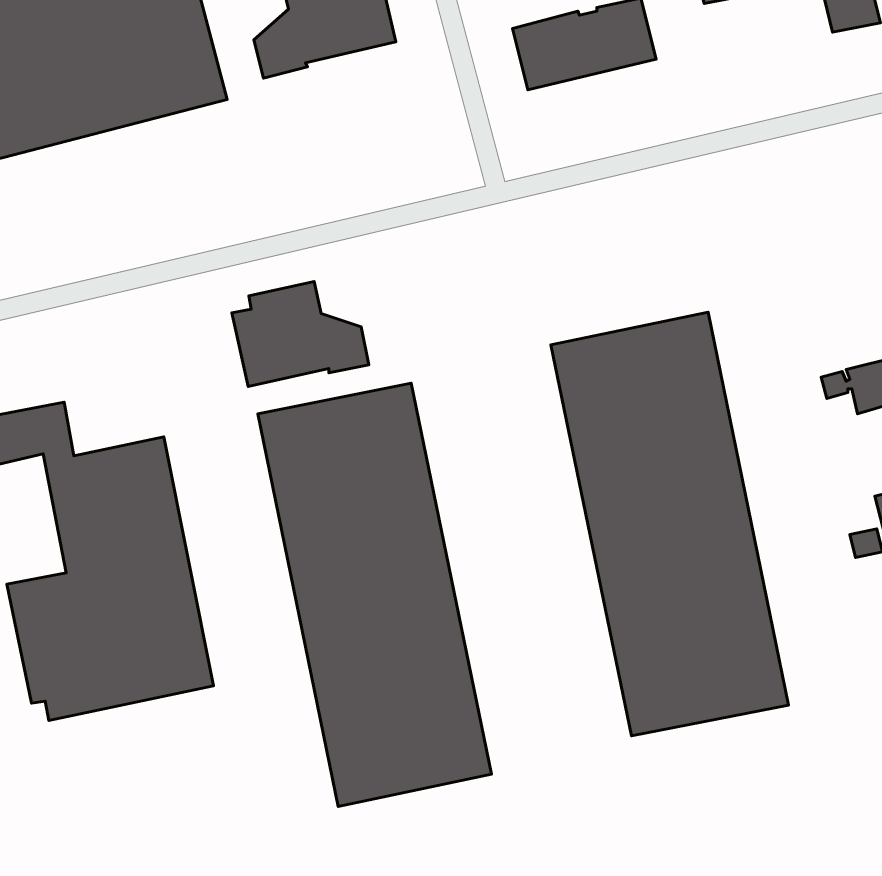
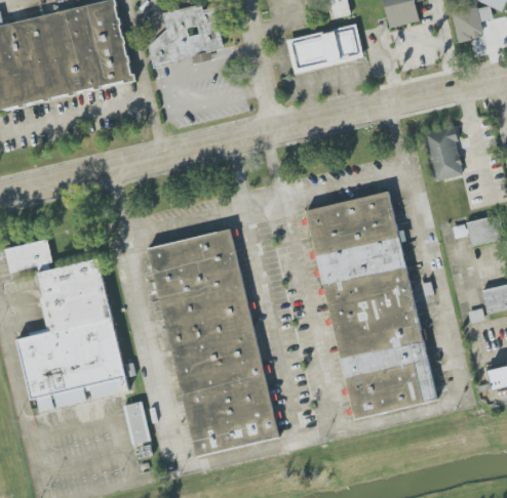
building: none -> [423,125,462,181]
building: [232,281,369,386] -> none
building: none -> [124,402,149,444]

